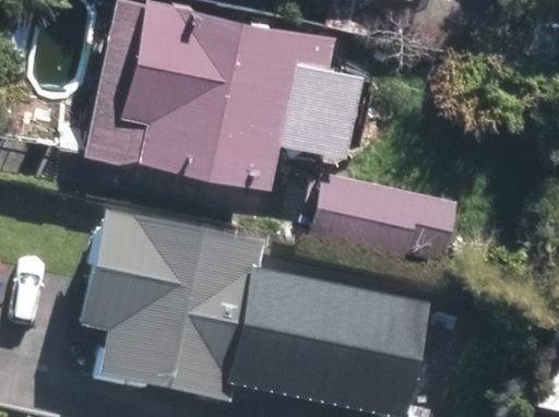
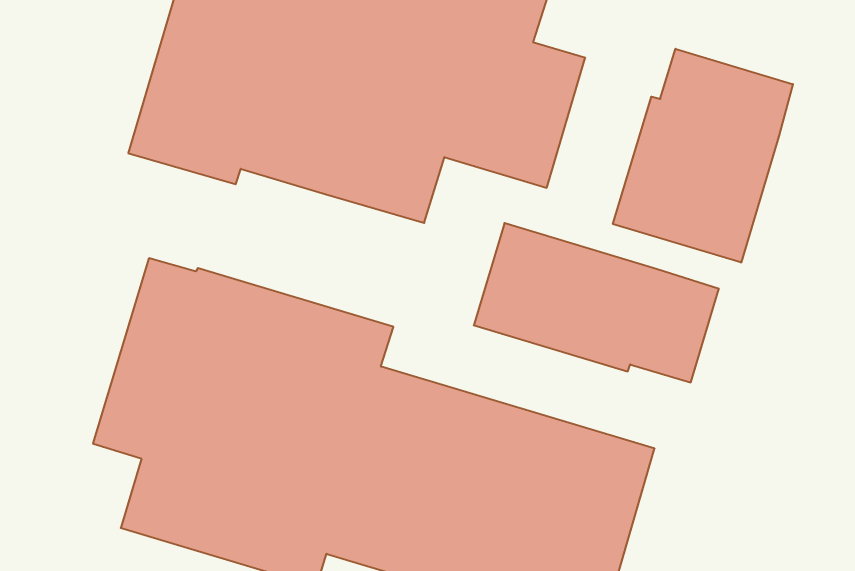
building: none -> [613,49,793,263]

